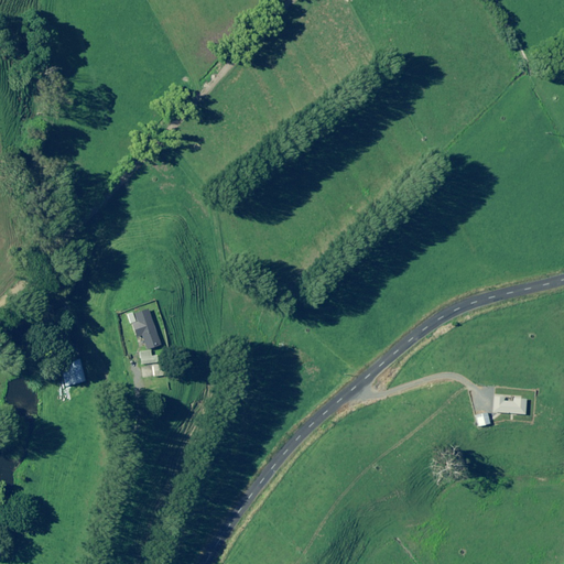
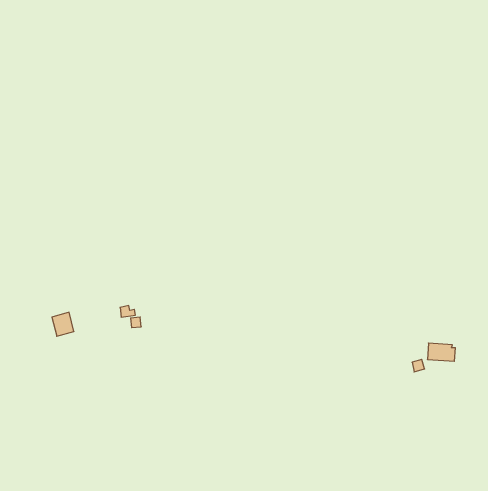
building: [131,307,161,349] -> none

